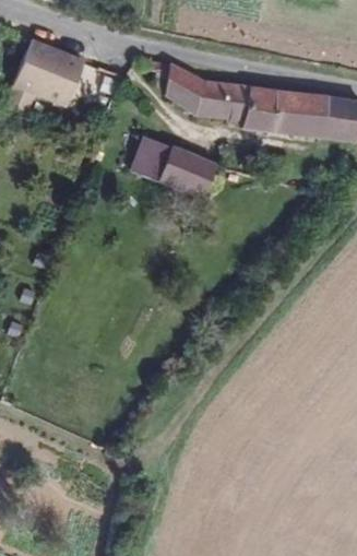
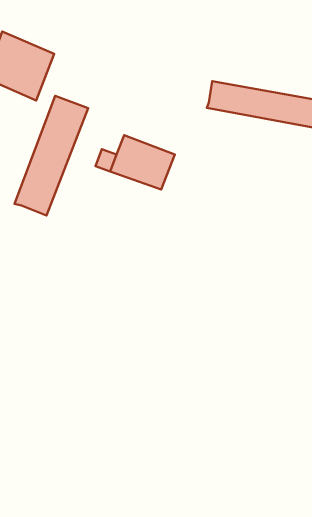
building: [121,57,246,109] -> none
building: none -> [15,96,88,216]

